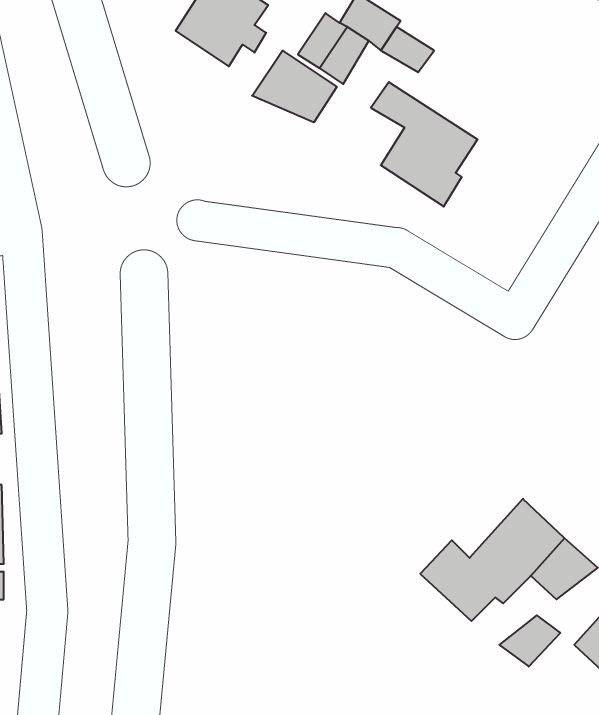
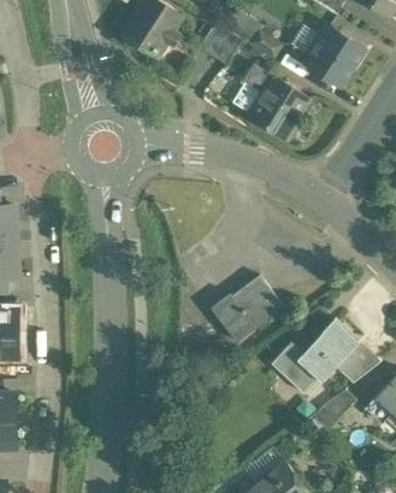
building: none -> [305,25,365,88]
building: [252,51,337,122] -> none
building: none -> [211,274,282,341]

